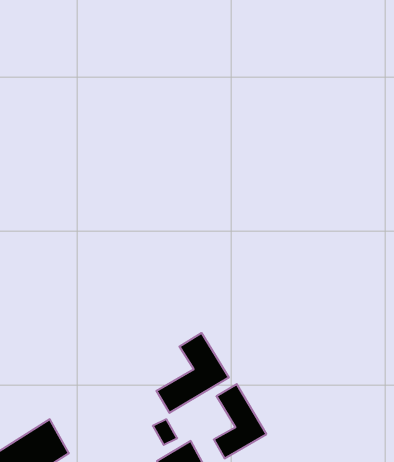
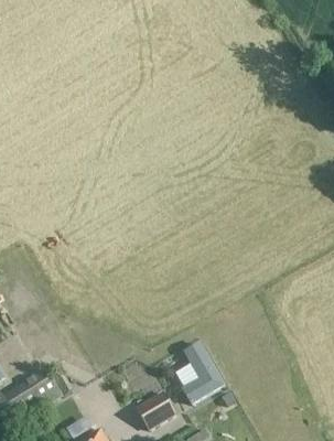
building: [156,333,229,413] -> none

